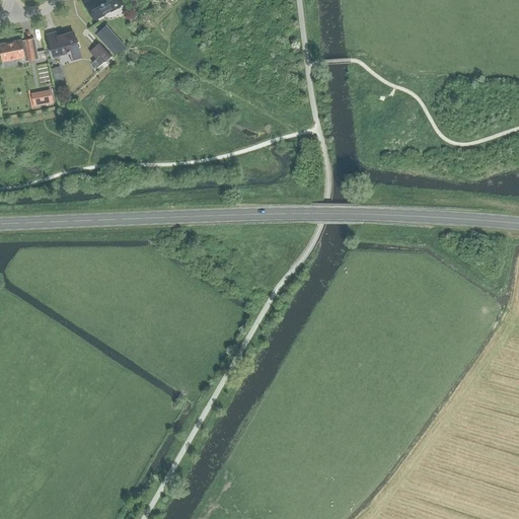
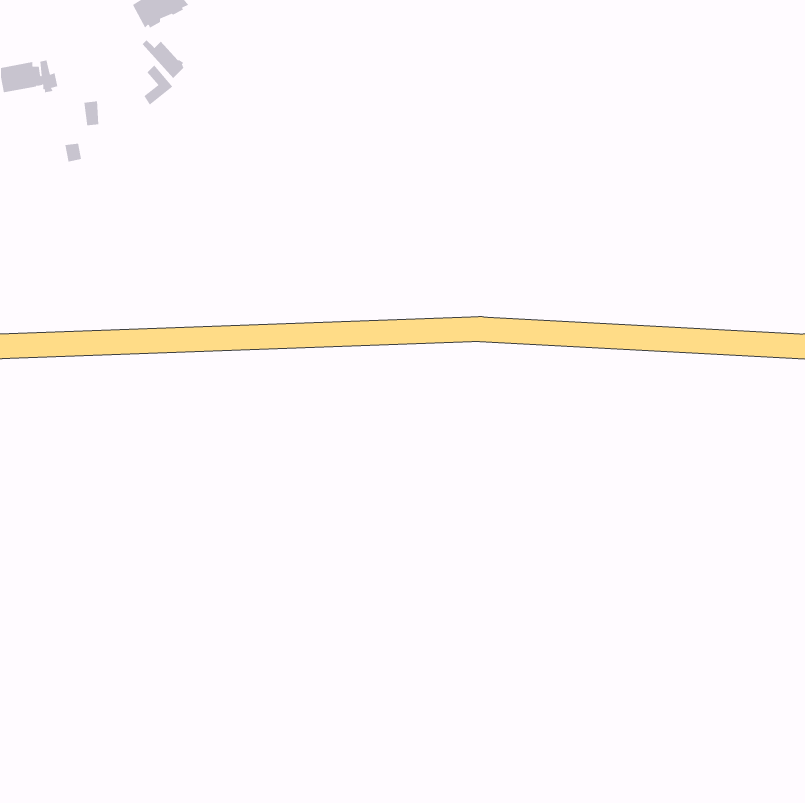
building: [47,31,80,59] -> none

